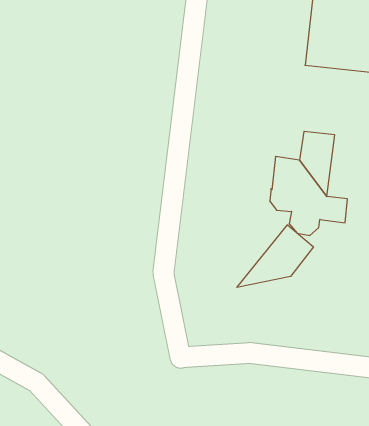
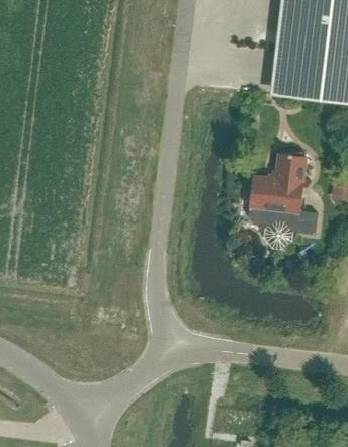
building: [237,225,313,287] -> none

